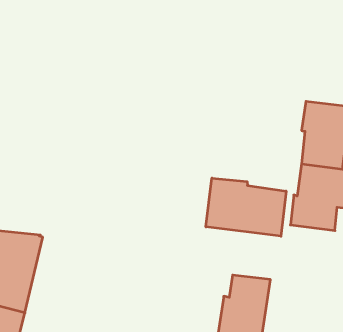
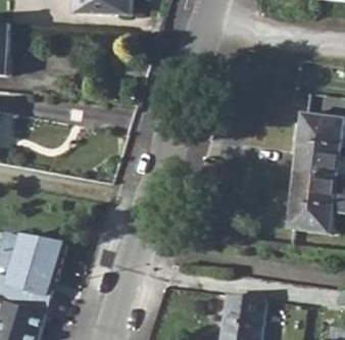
building: [206,178,286,236] -> none

